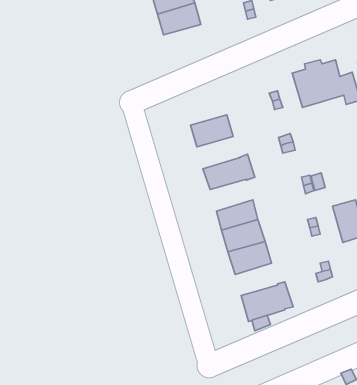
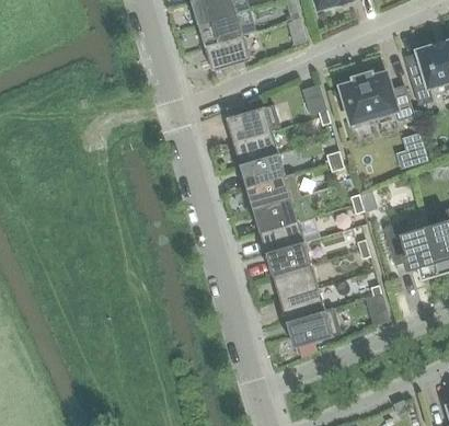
building: none -> [205,35,251,70]
building: none -> [227,106,272,141]
building: none -> [240,153,286,187]
building: none -> [254,198,299,232]
building: none -> [280,287,325,321]

